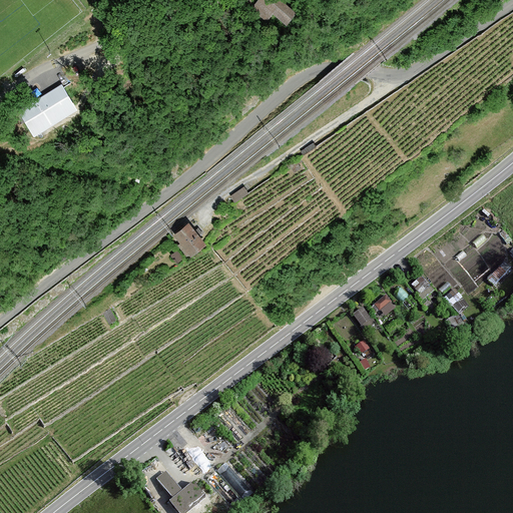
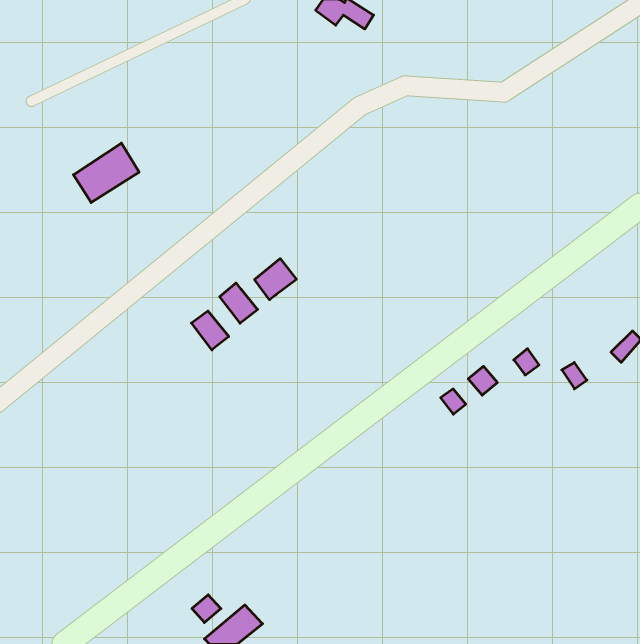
building: [21,87,73,134] -> [73,143,139,203]
building: none -> [255,259,296,300]
building: none -> [191,311,229,350]

